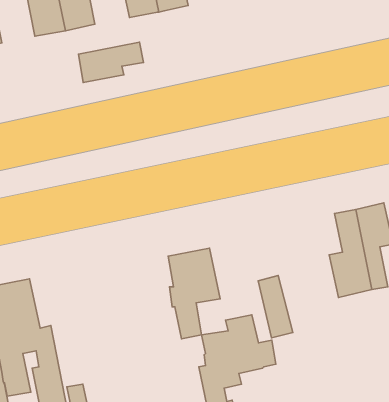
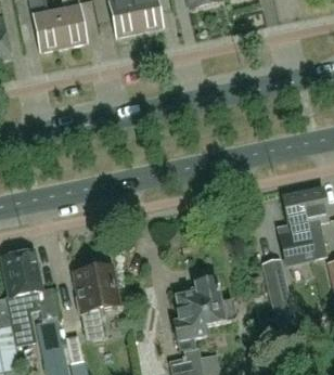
building: [78,42,144,82] -> none
building: [168,248,220,339] -> [75,264,117,338]
building: [258,275,293,338] -> [262,258,291,309]

